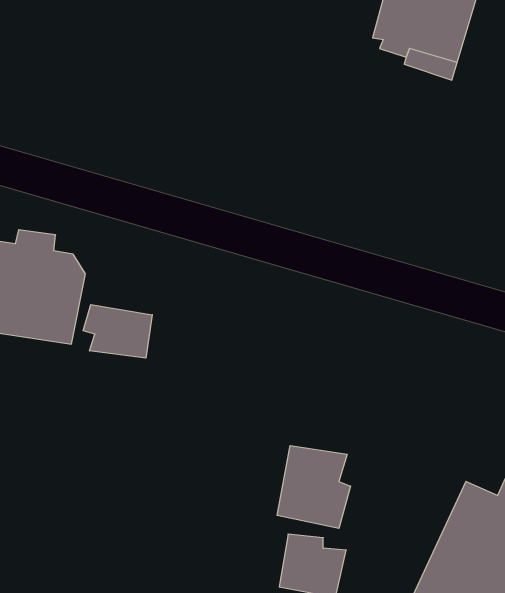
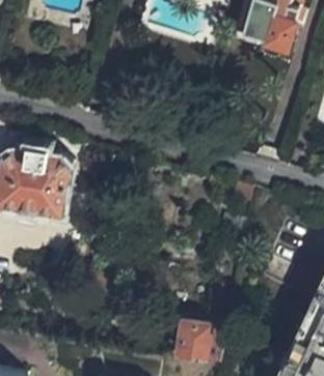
building: [83,305,152,358] -> none
building: [277,446,351,528] -> none

